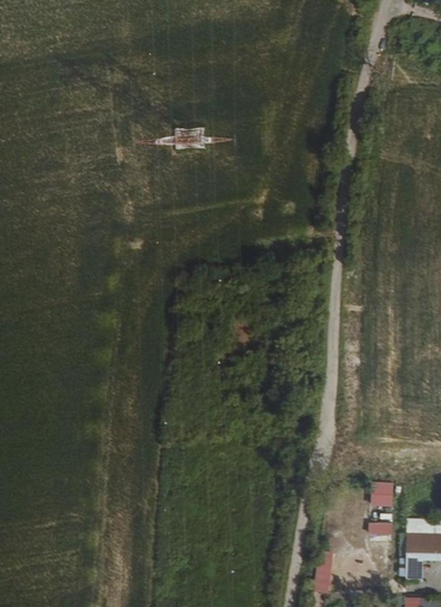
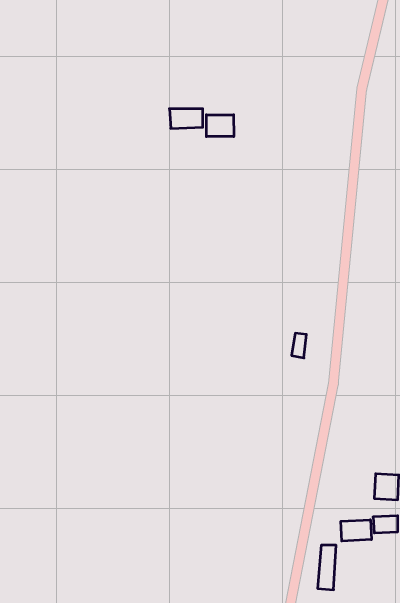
building: none -> [206,115,234,137]
building: none -> [341,520,371,541]

